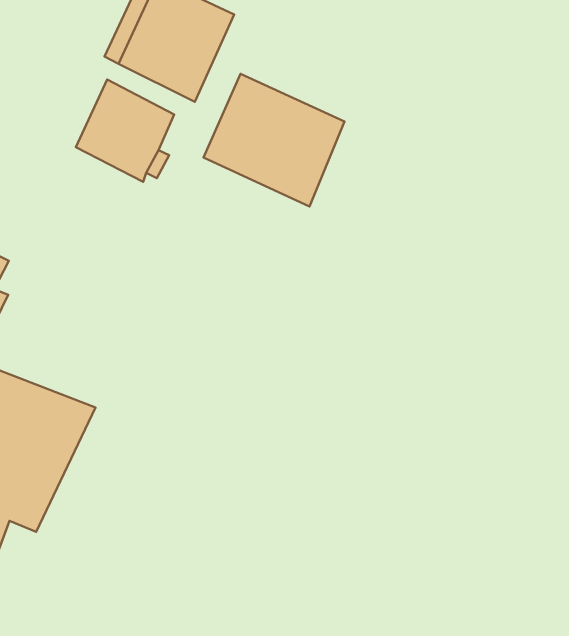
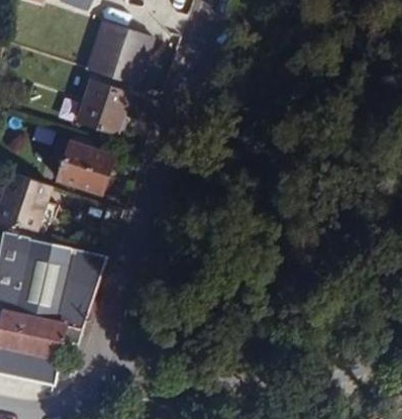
building: [203,74,345,207] -> none
building: none -> [57,142,112,194]

